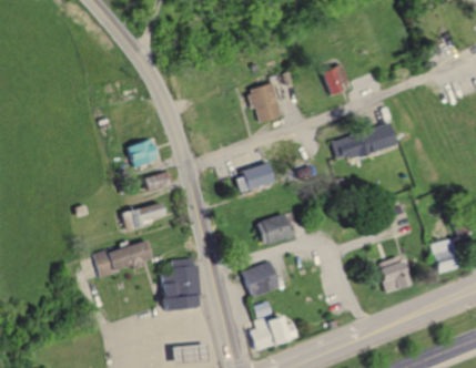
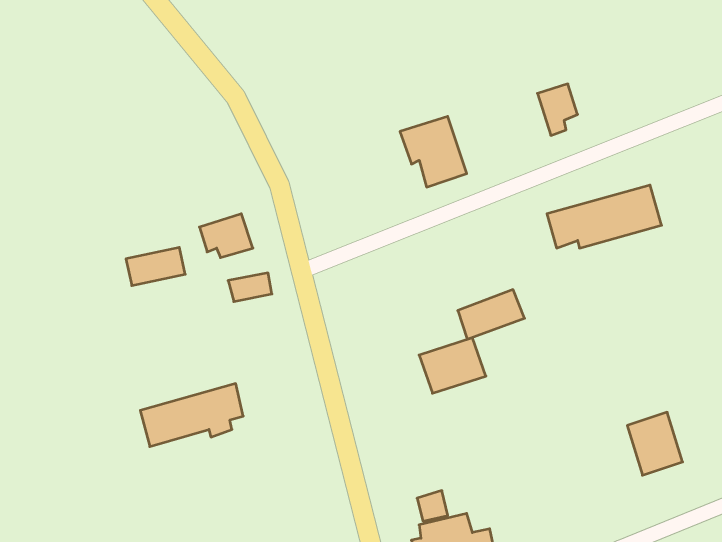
building: [237,165,276,194] -> [458,290,525,339]
building: [133,204,168,226] -> [126,247,185,286]
building: [162,258,202,308] -> none
building: [243,260,283,298] -> none

